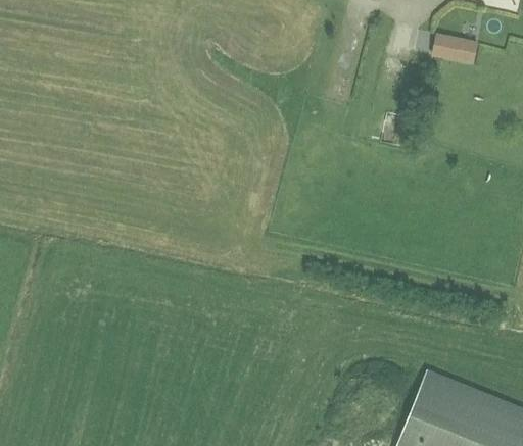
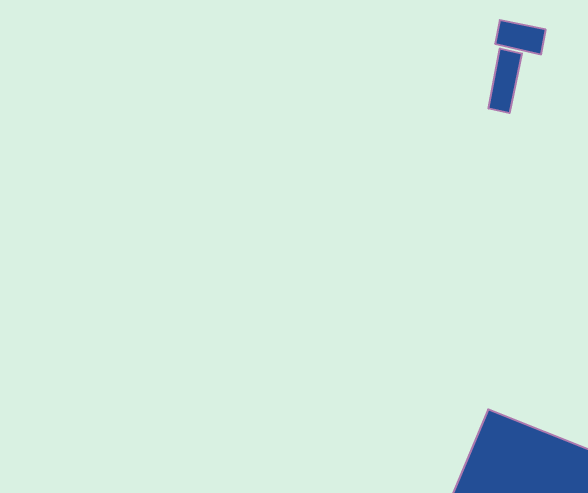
building: none -> [489,48,522,113]

